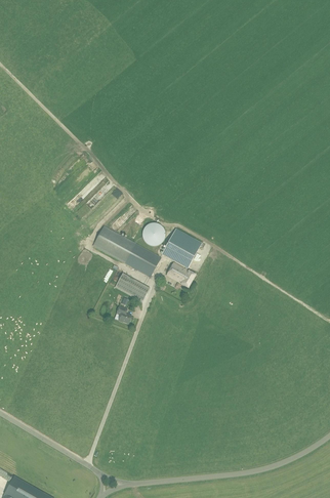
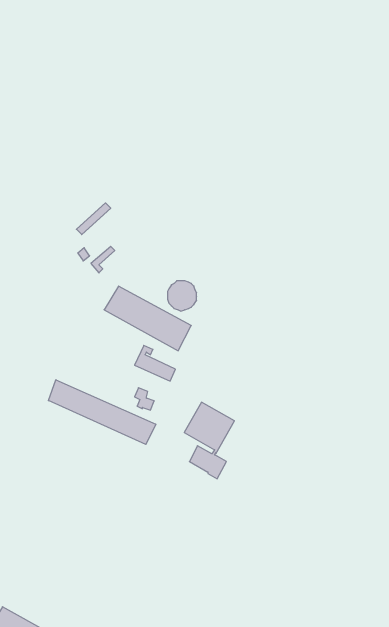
building: [162,229,201,288] -> [184,402,234,479]
building: none -> [48,380,156,444]

